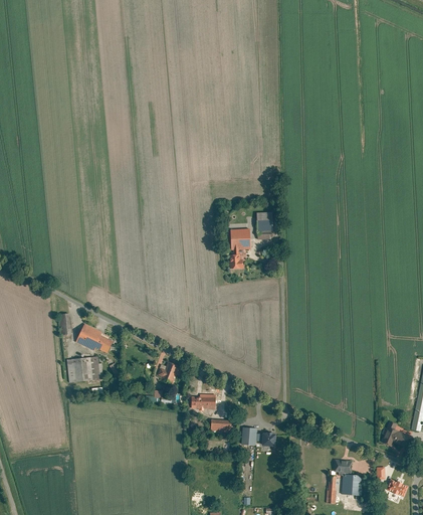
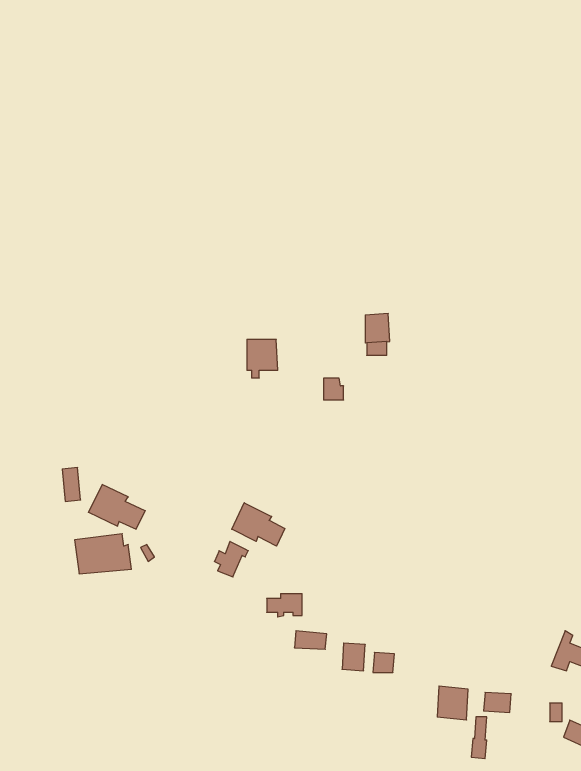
building: [232,229,252,254] -> [247,339,278,378]
building: none -> [232,503,285,546]
building: [344,474,364,496] -> [437,686,468,720]

